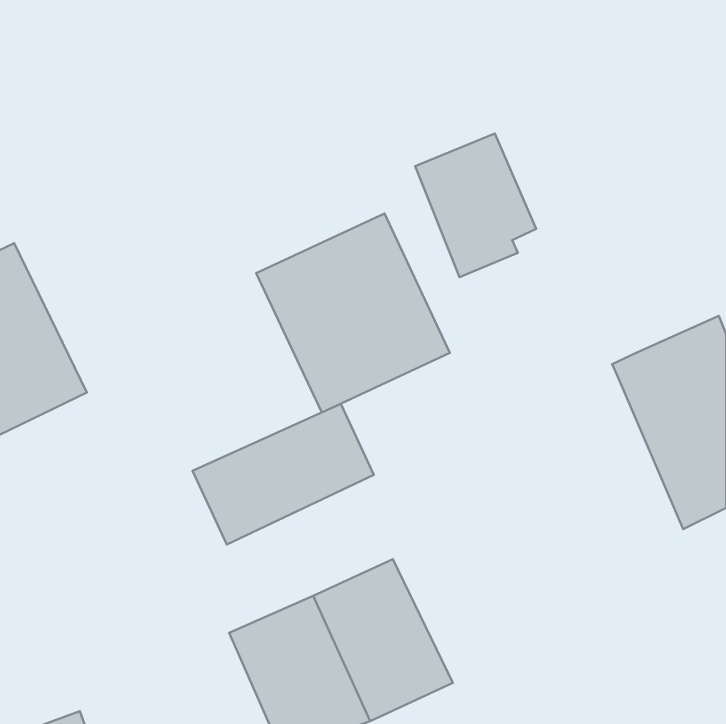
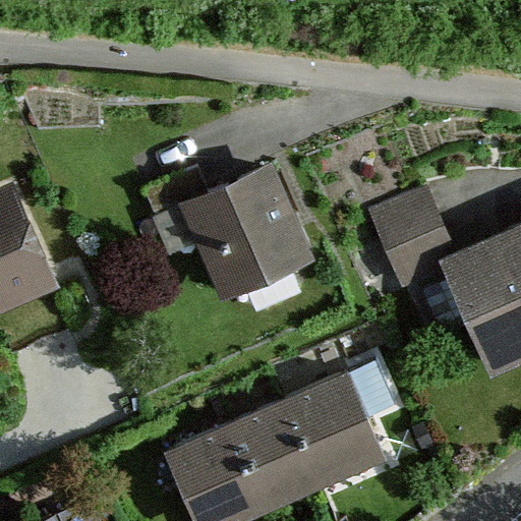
building: [415,133,536,277] -> [368,186,455,289]
building: [193,404,374,544] -> none
building: none -> [281,373,383,490]

